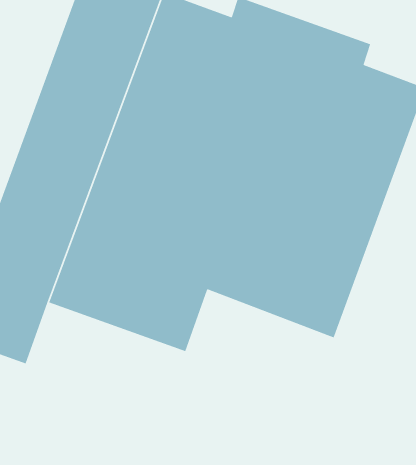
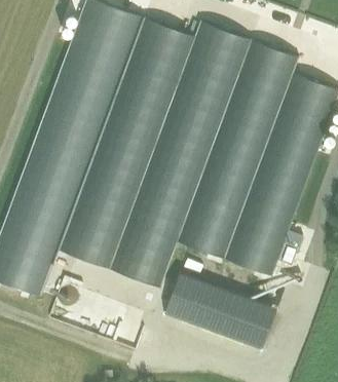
building: none -> [165,273,275,345]

